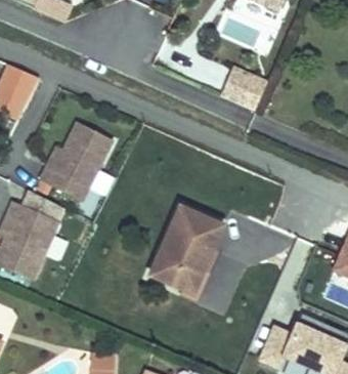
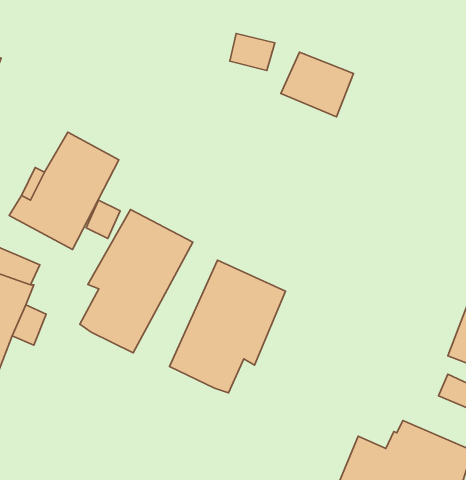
building: none -> [80,209,193,353]

